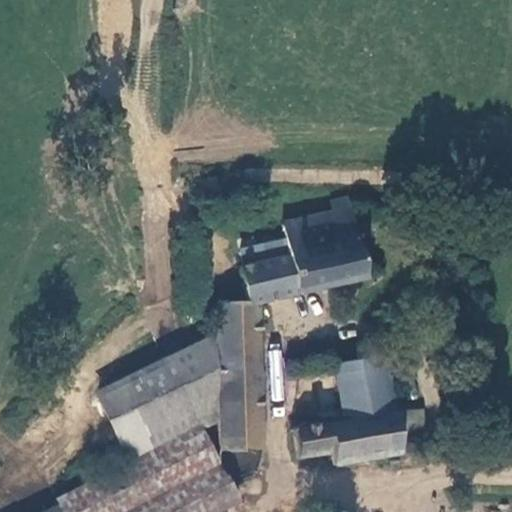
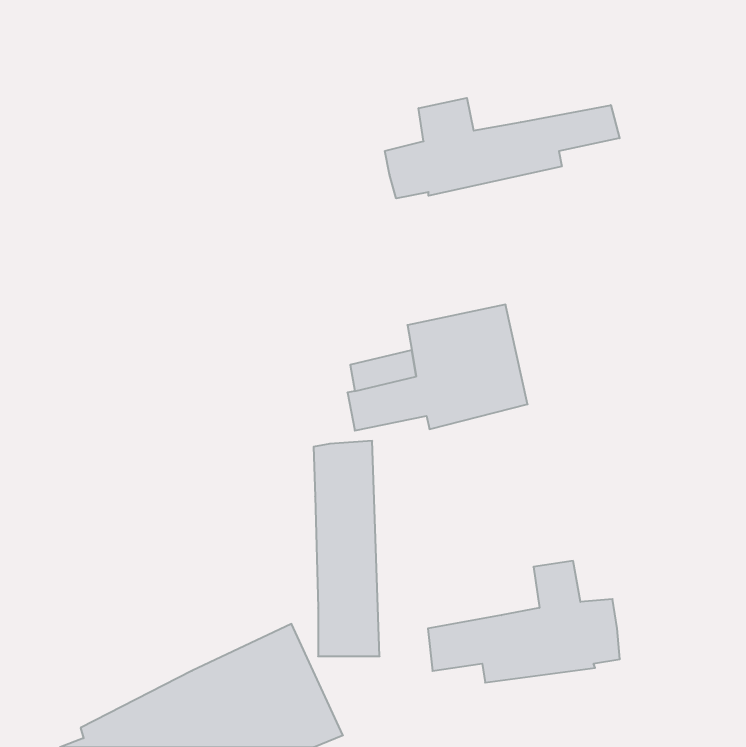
building: none -> [385,98,620,198]
building: [101,339,219,458] -> none
building: [335,357,393,420] -> none

